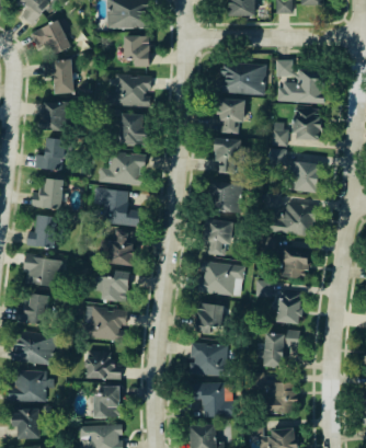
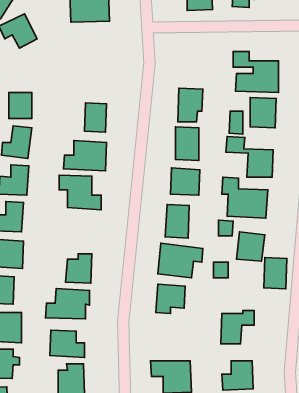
building: [124,35,150,66] -> none
building: [44,59,73,93] -> none
building: [221,61,266,94] -> none
building: [106,73,151,105] -> none
building: [107,231,133,264] -> none
building: [277,290,301,323] -> [264,257,287,289]
building: [188,343,227,375] -> none

